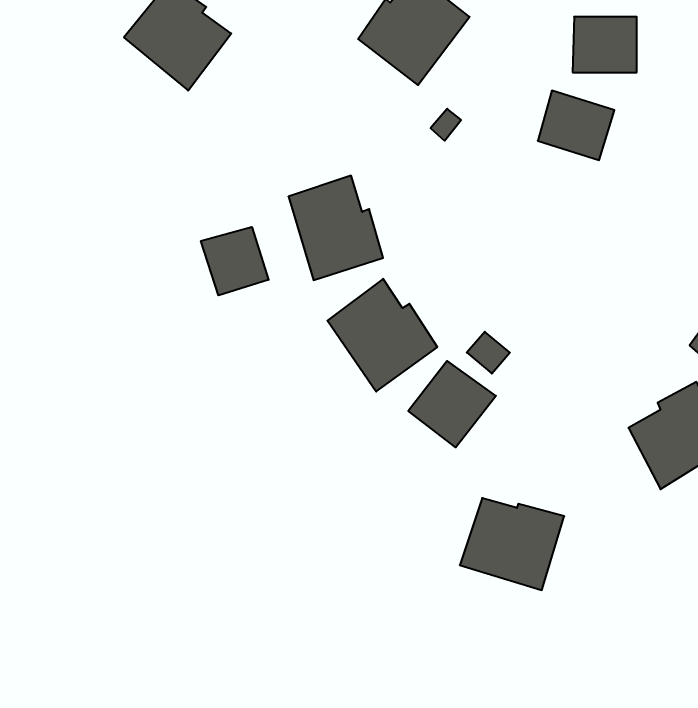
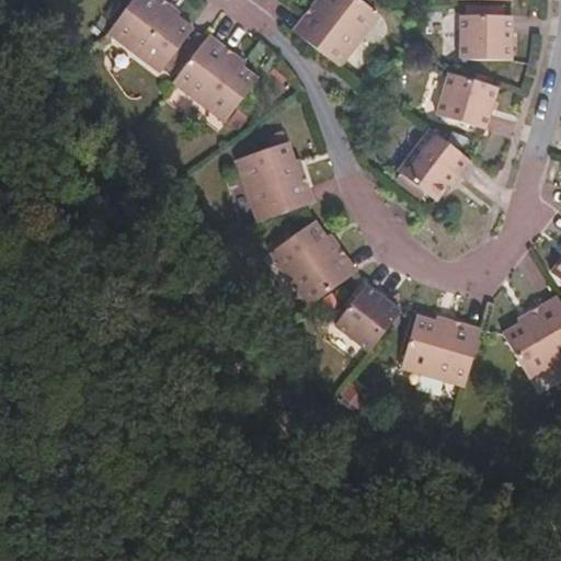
building: none -> [172,35,256,121]
building: none -> [399,127,472,194]
building: [201,227,269,295] -> none
building: [460,498,564,590] -> [399,314,481,387]

